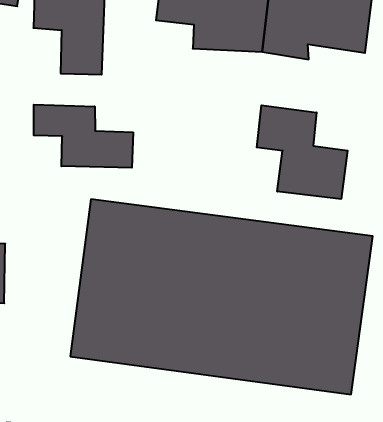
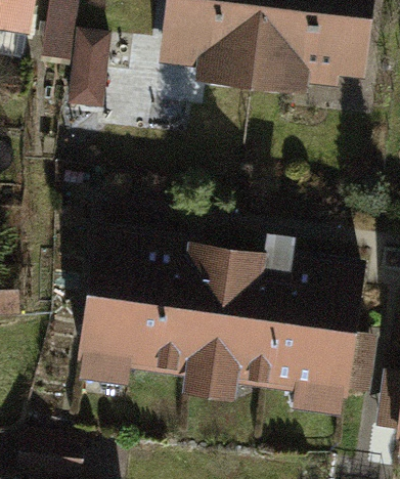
building: [34,105,133,168] -> none
building: [257,105,348,199] -> none

